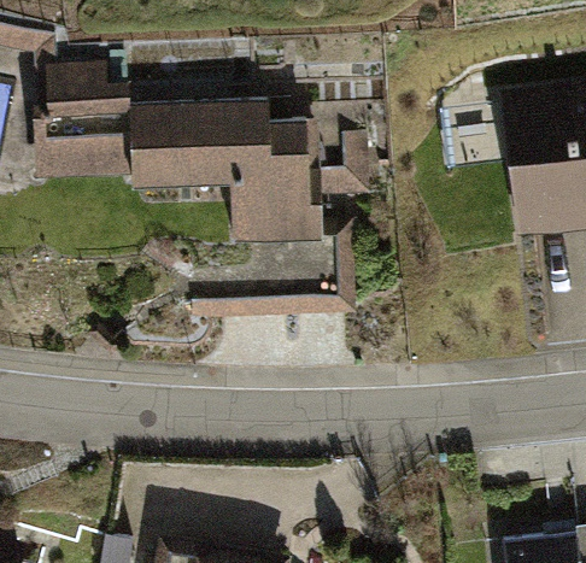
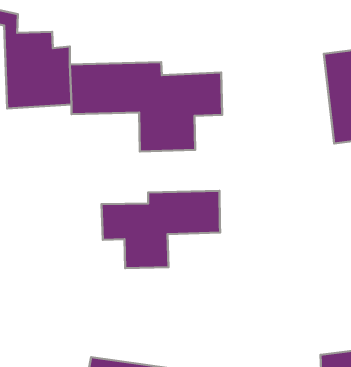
building: none -> [102,191,220,268]

